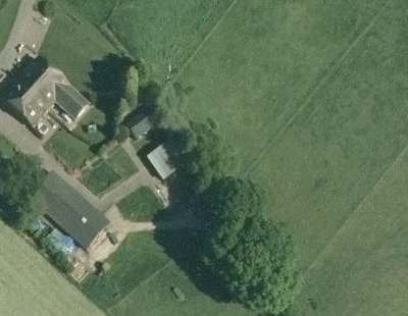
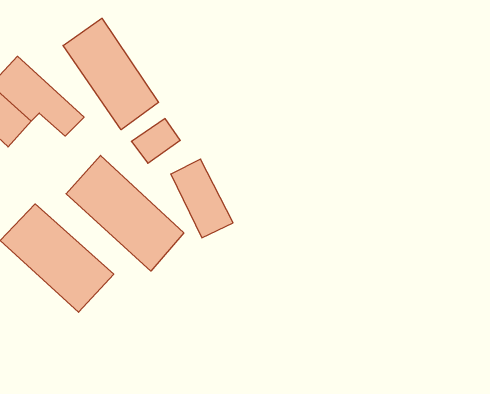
building: none -> [63,18,159,130]
building: none -> [66,155,184,271]

